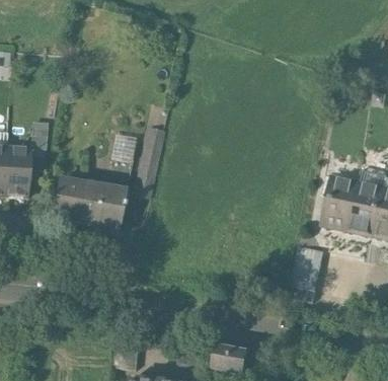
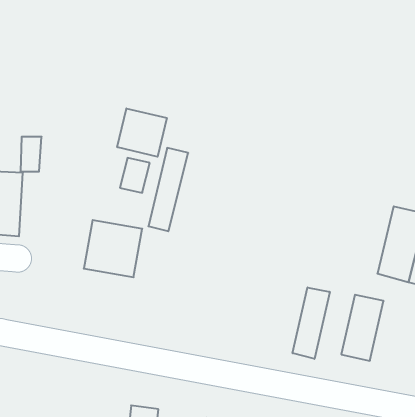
building: none -> [117,108,167,157]
building: [52,177,87,222] -> none
building: none -> [293,287,330,359]

